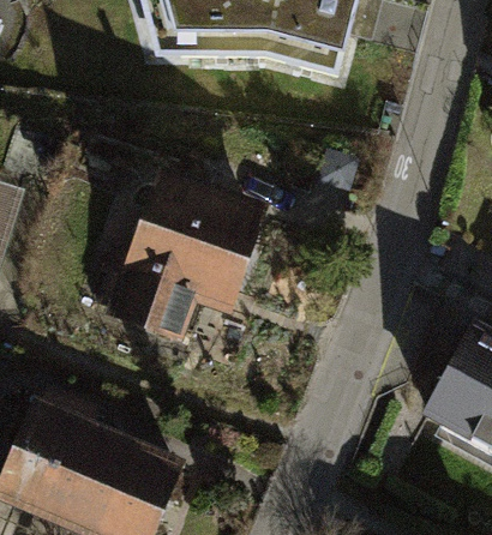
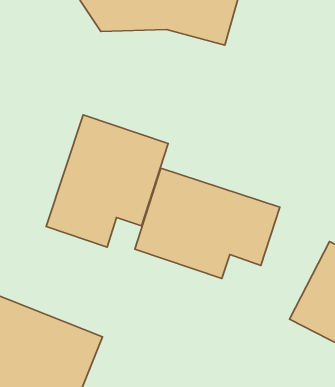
building: none -> [135,168,280,278]

